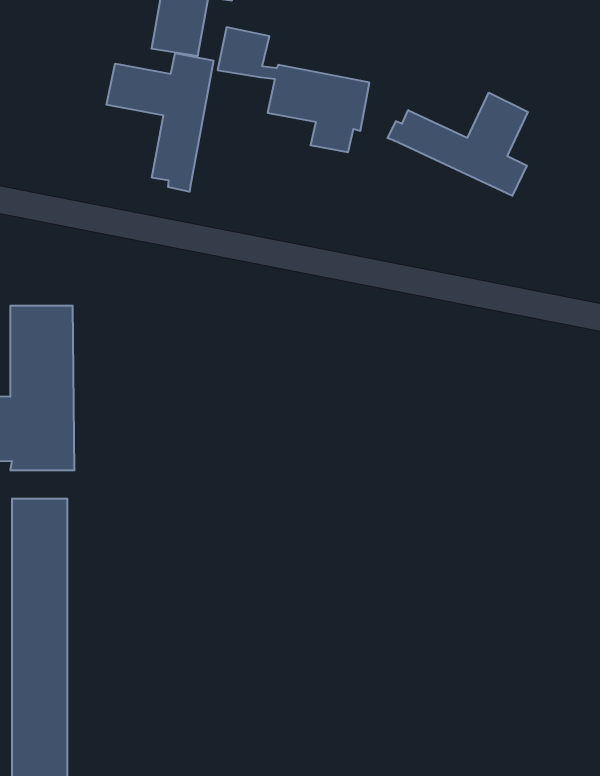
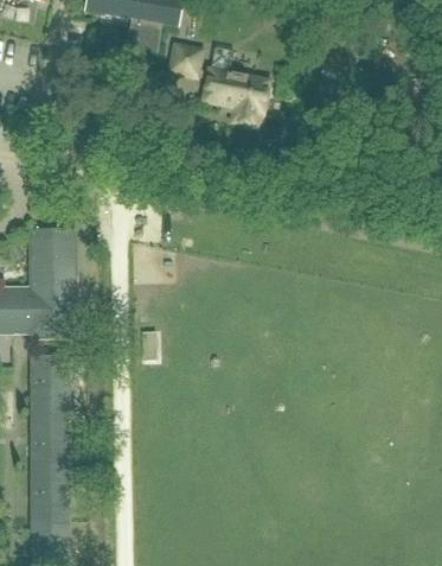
building: [106,53,214,192] -> none
building: [387,93,528,196] -> none

